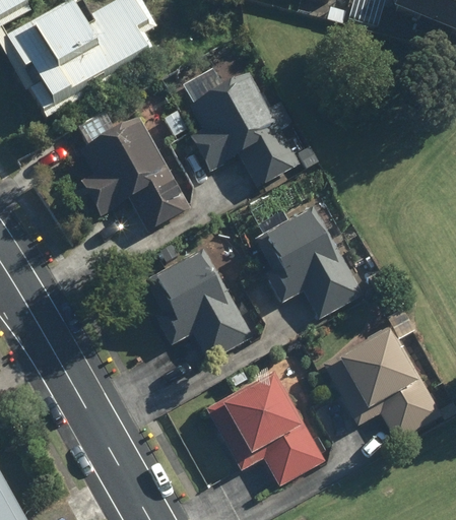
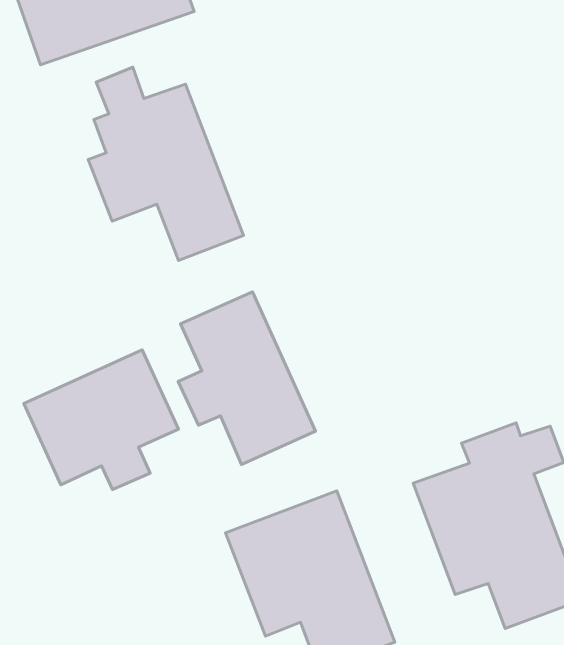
building: [190,70,299,187] -> none
building: [261,205,363,318] -> none
building: none -> [24,350,178,489]

